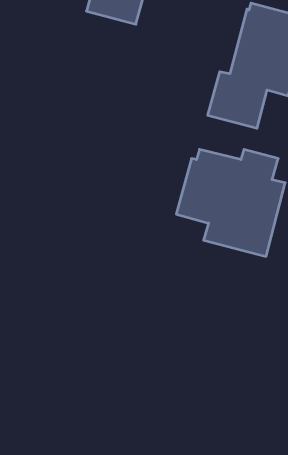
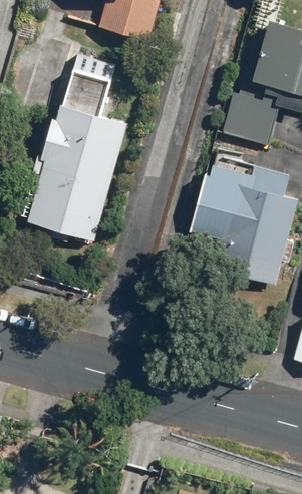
building: none -> [27,69,124,240]

